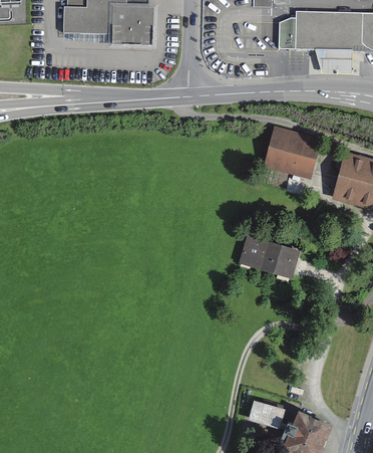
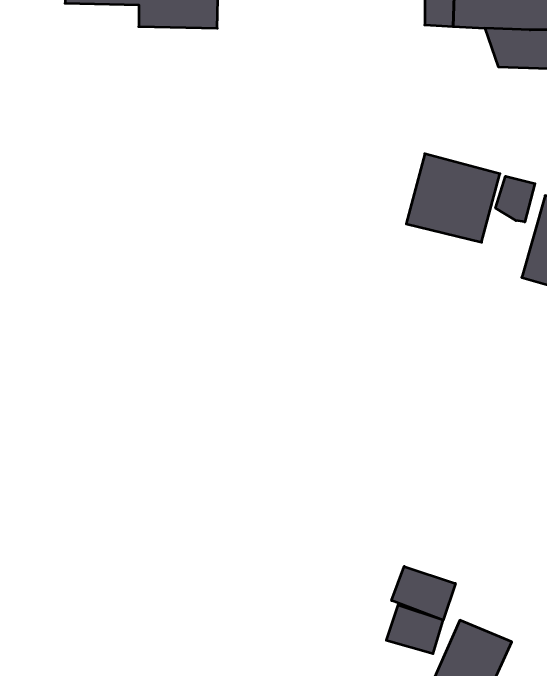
building: none -> [496,176,535,222]
building: [236,234,301,277] -> none
building: none -> [392,566,455,620]

